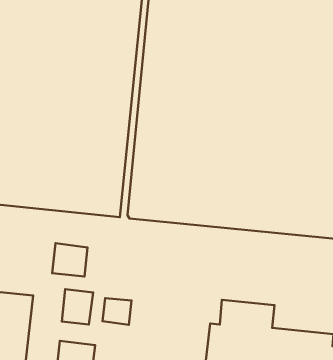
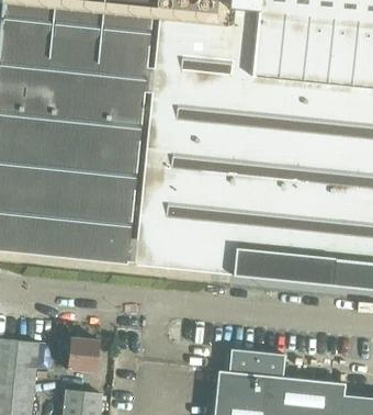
building: [52,243,88,276] -> none
building: [102,298,132,325] -> none

